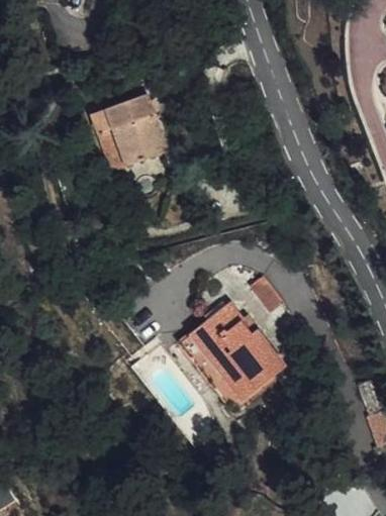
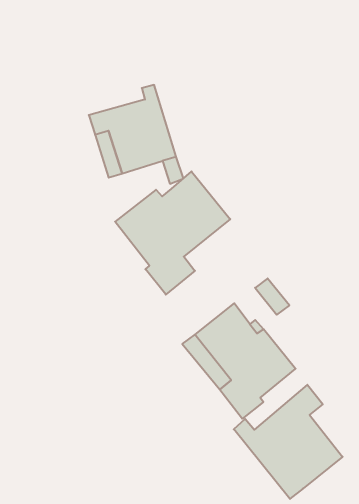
building: none -> [115,171,230,295]
building: none -> [234,385,343,499]

